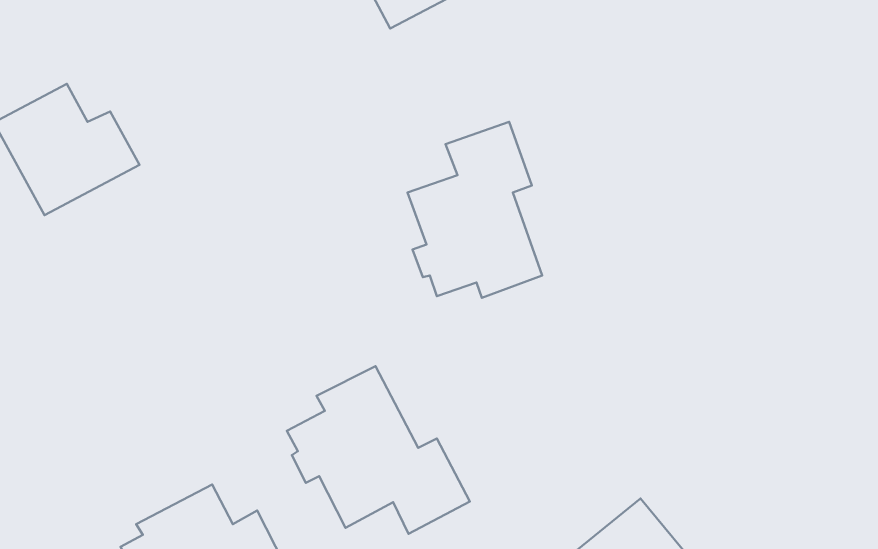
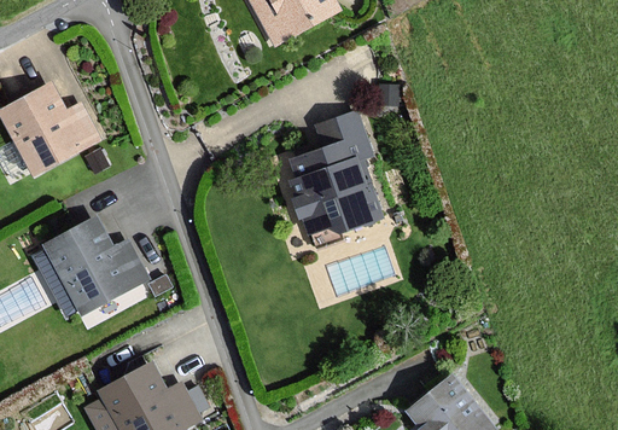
building: none -> [45,216,148,315]
building: [287,366,470,534] -> none

